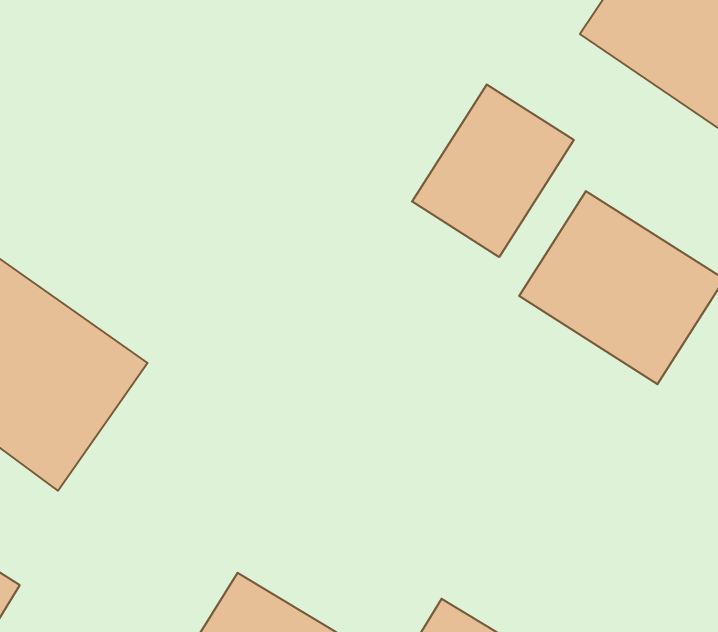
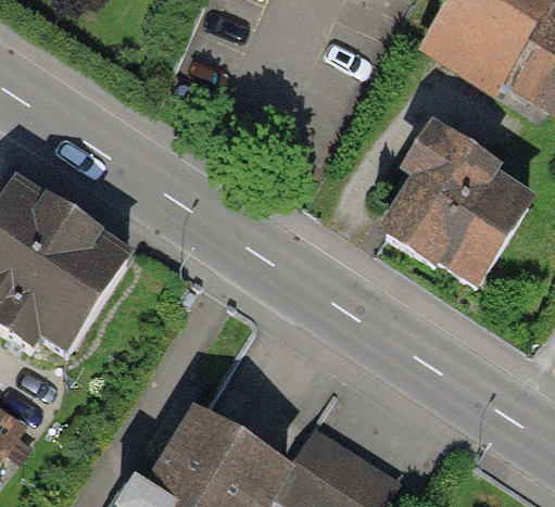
building: [412,84,574,257] -> none

